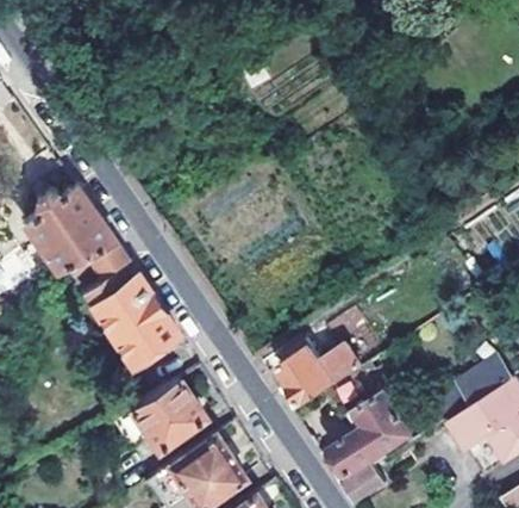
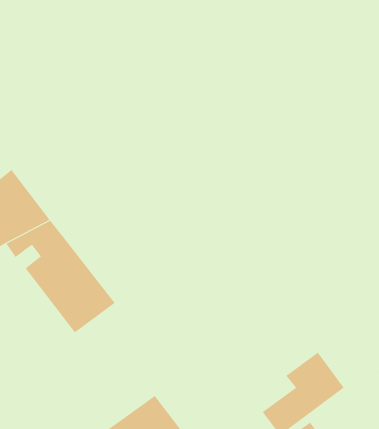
building: [281,342,365,411] -> none
building: [110,378,204,447] -> none

